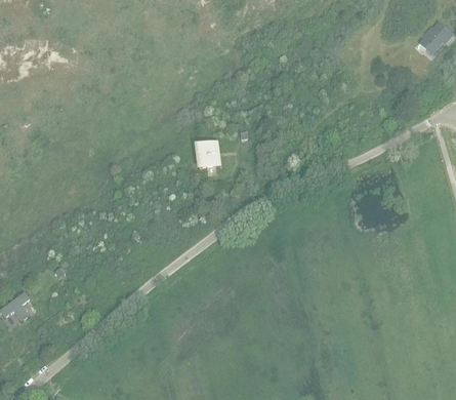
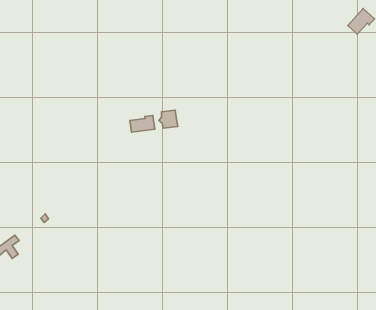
building: none -> [130,116,155,132]

